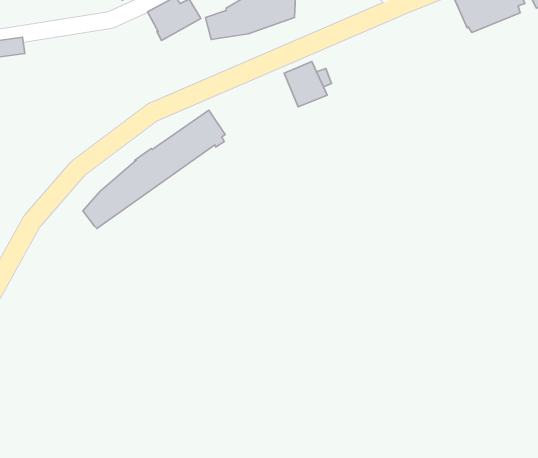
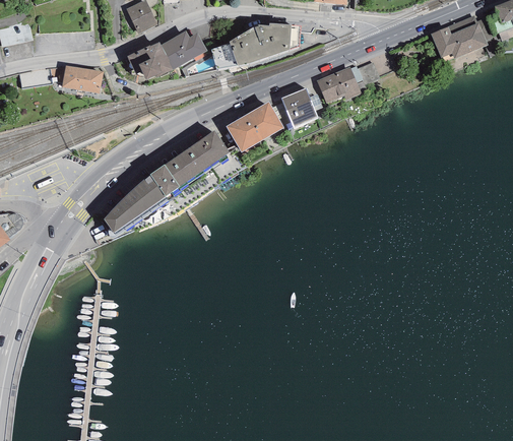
building: none -> [127,42,173,79]
building: none -> [316,61,380,103]
building: none -> [62,65,104,93]
building: none -> [226,101,283,151]

